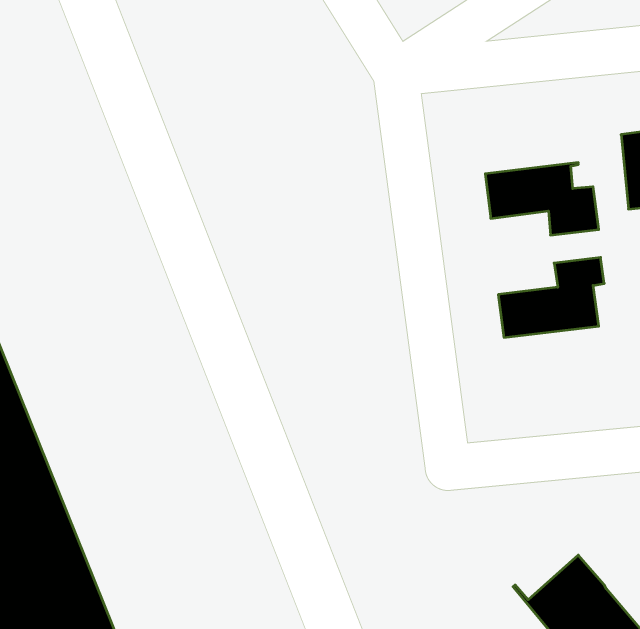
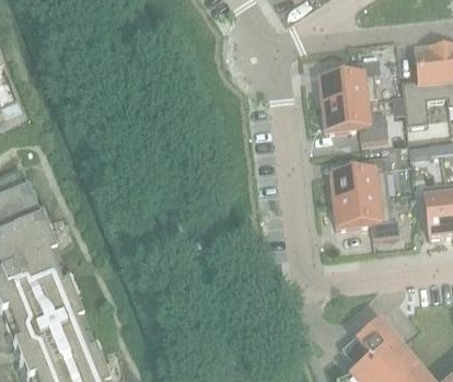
building: none -> [317,57,380,103]
building: none -> [332,193,398,234]

